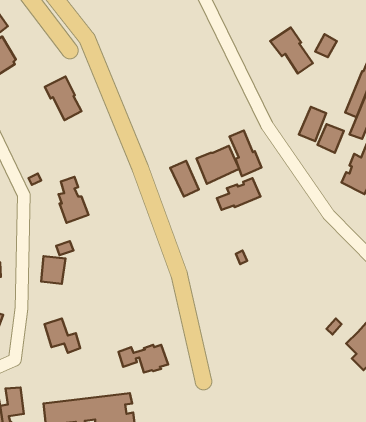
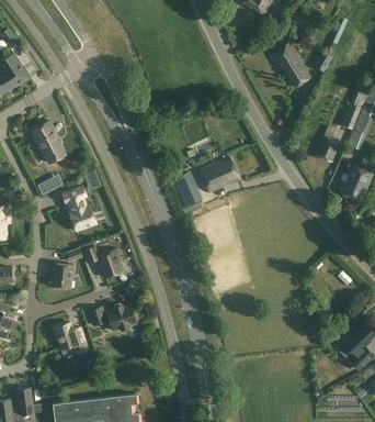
building: [45,77,82,120] -> [30,120,65,162]
building: [299,107,326,141] -> none
building: [229,131,262,176] -> none
building: [217,178,260,210] -> none
building: none -> [83,245,123,277]
building: [119,345,168,372] -> [89,303,136,330]

